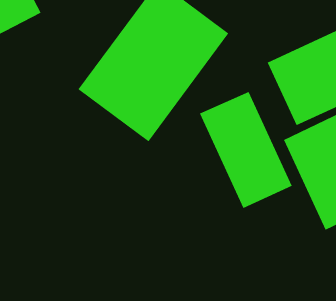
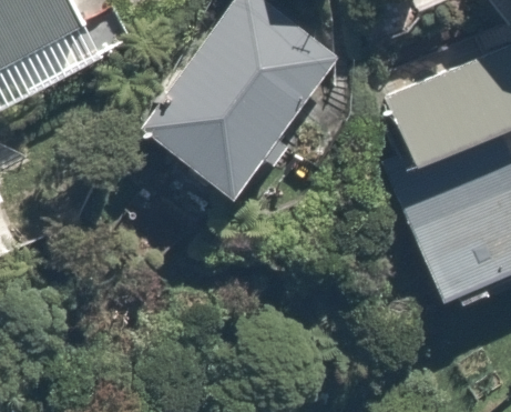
building: [199,91,292,209] -> none

